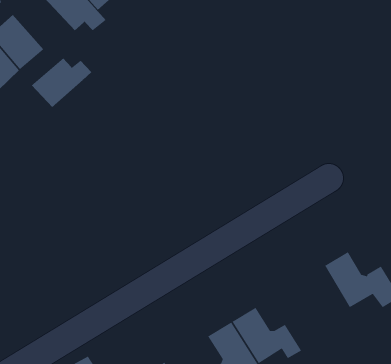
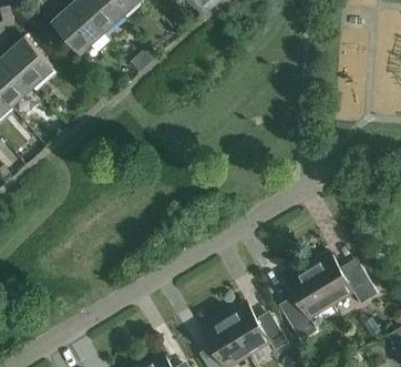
building: [31,57,92,108] -> none
building: none -> [282,265,331,340]

